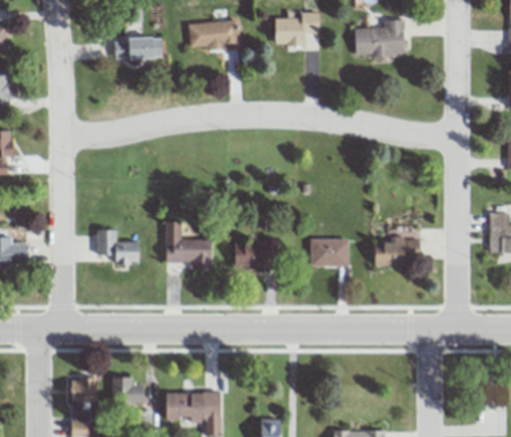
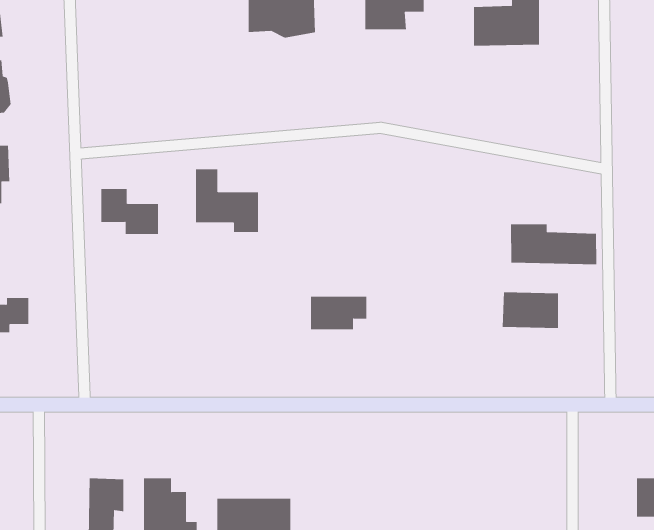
building: [113,35,161,59] -> none
building: none -> [510,224,597,265]
building: [165,222,212,269] -> [195,169,259,232]
building: [97,230,141,264] -> [100,189,159,235]
building: [310,239,349,266] -> none

